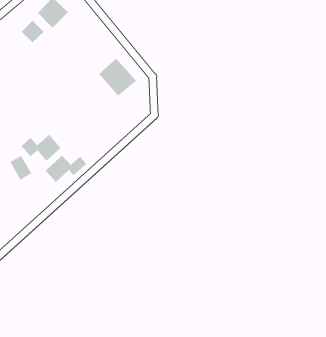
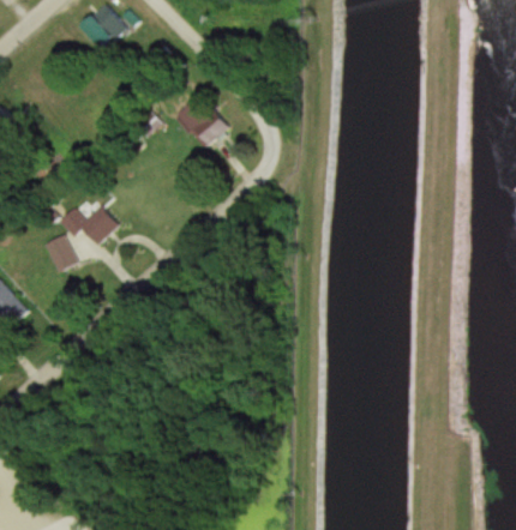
building: [21,20,44,43] -> none
building: [45,155,87,183] -> none

